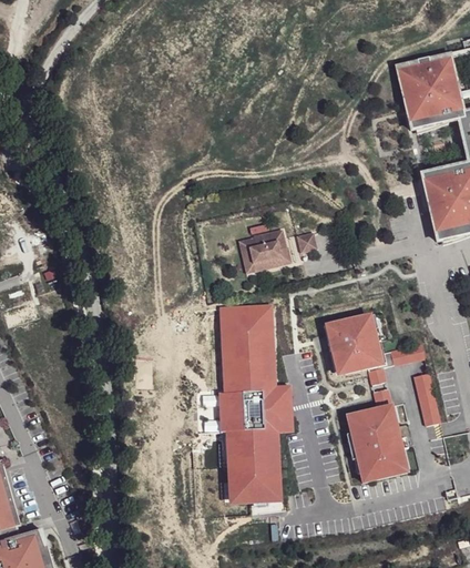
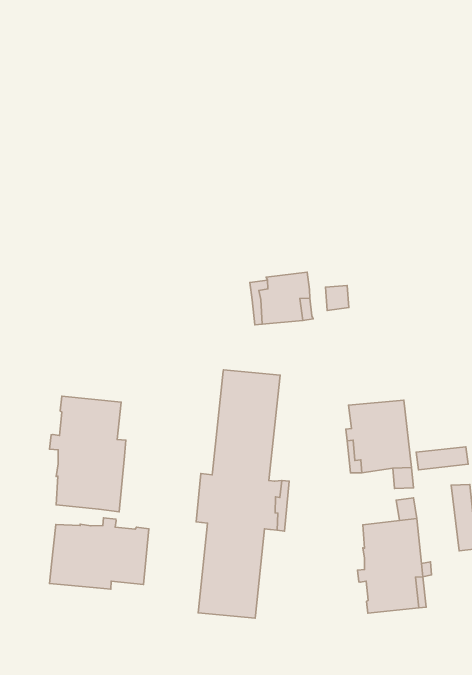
building: none -> [50,396,126,512]
building: none -> [49,518,149,589]

